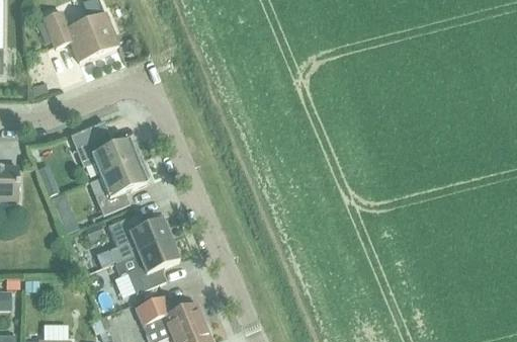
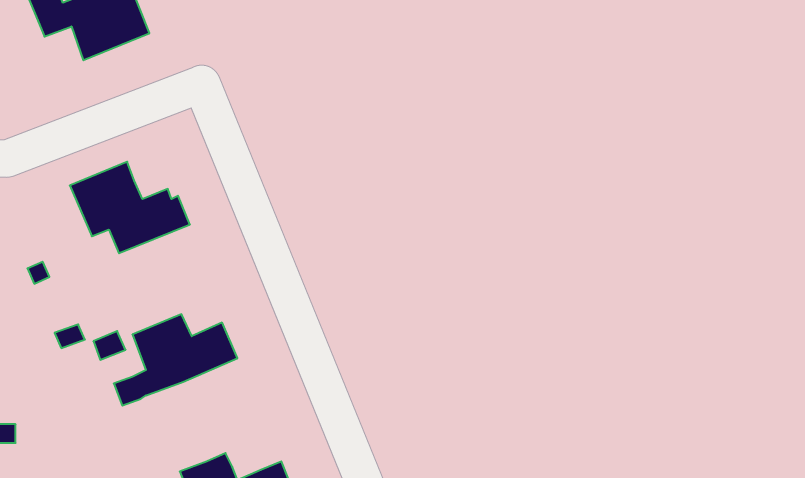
building: [94,159,148,215] -> none
building: [115,239,179,293] -> none

